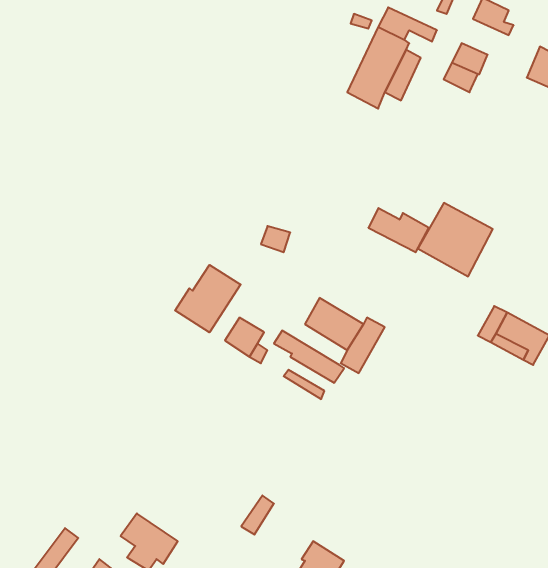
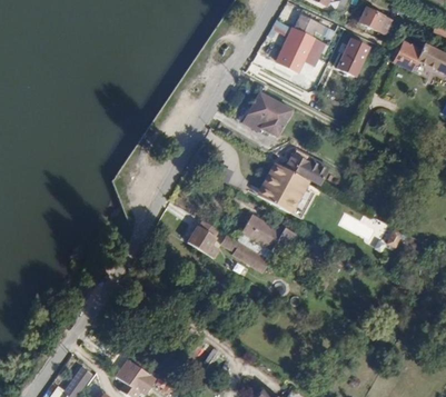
building: none -> [242,91,290,136]
building: [418,203,493,276] -> [258,162,309,212]
building: [175,265,241,332] -> none

